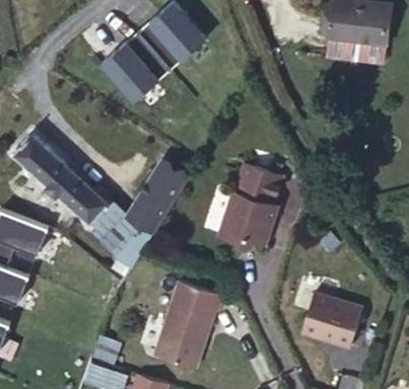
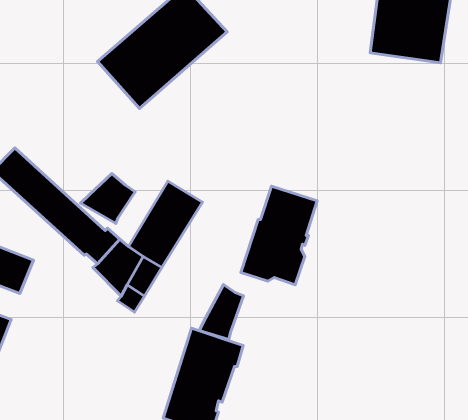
building: none -> [80,174,135,224]
building: none -> [199,285,243,339]
building: [300,294,362,349] -> none

